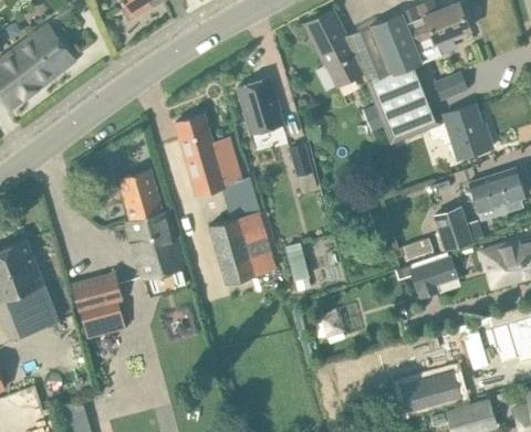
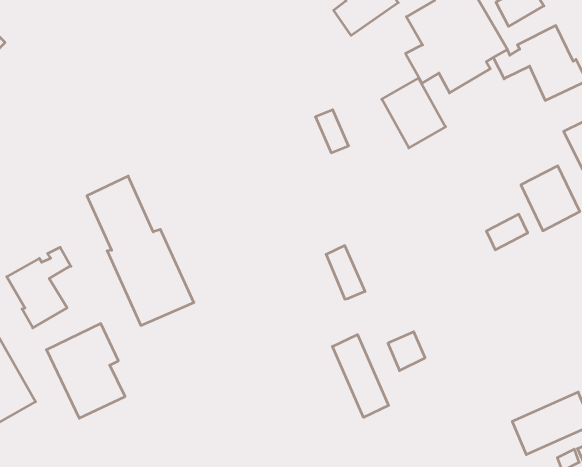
building: [237,77,282,134] -> none
building: [174,115,274,284] -> none
building: none -> [382,78,446,148]
building: none -> [7,247,71,328]
building: [410,256,454,295] -> none
building: none -> [332,335,389,417]

